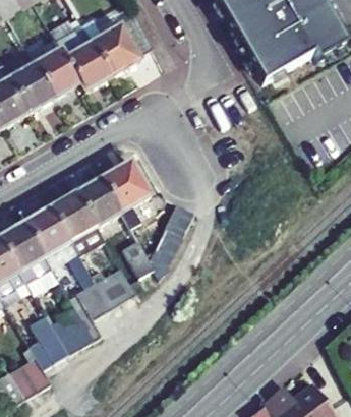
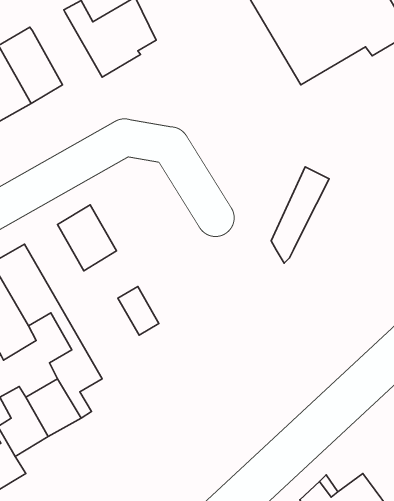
building: [55,27,109,92] -> none
building: [100,160,157,223] -> none
building: [49,191,134,310] -> none
building: [149,203,193,278] -> [271,167,329,263]

